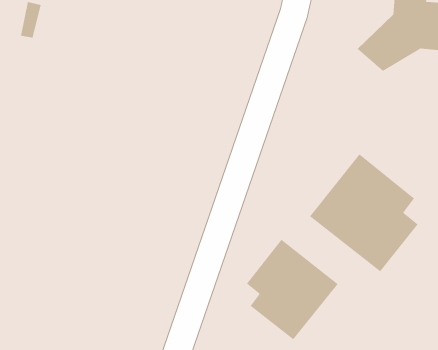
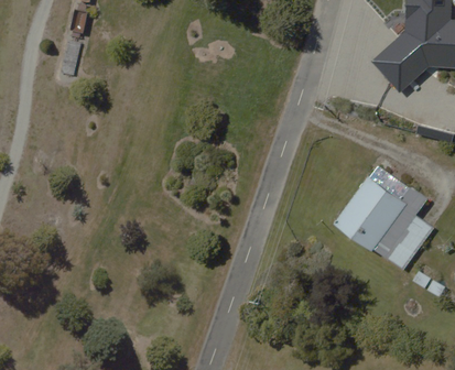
building: [246,239,339,340] -> none

